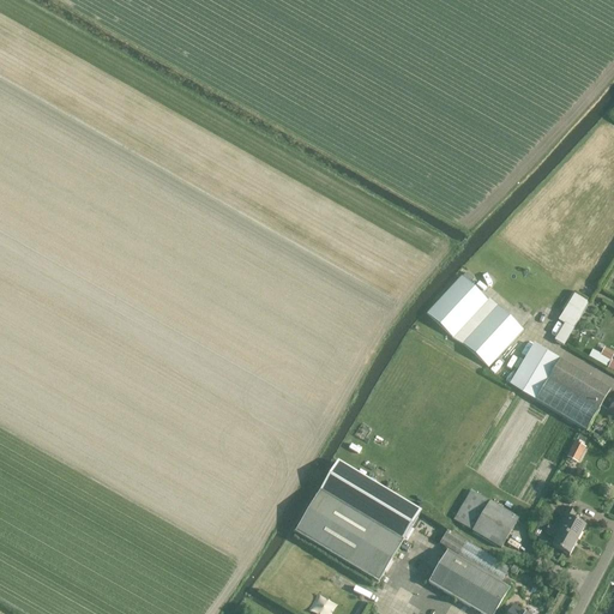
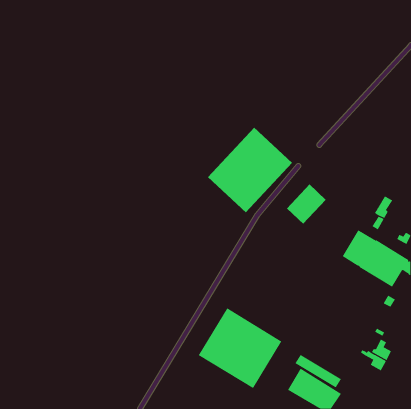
building: none -> [207,127,293,213]
building: [462,303,523,365] -> none
building: [453,488,518,546] -> none

